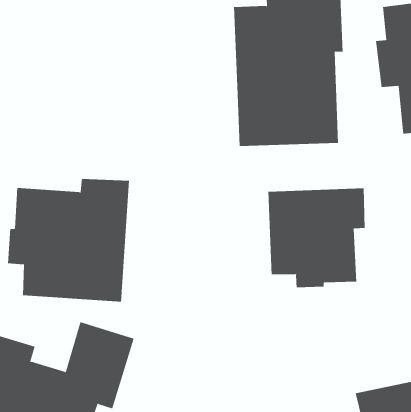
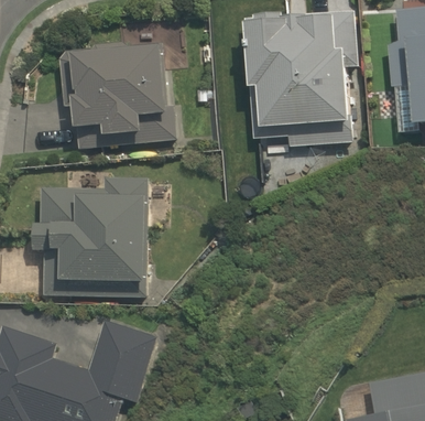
building: none -> [57,15,186,150]
building: [268,188,365,288] -> none

